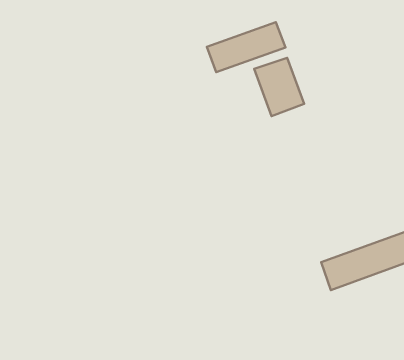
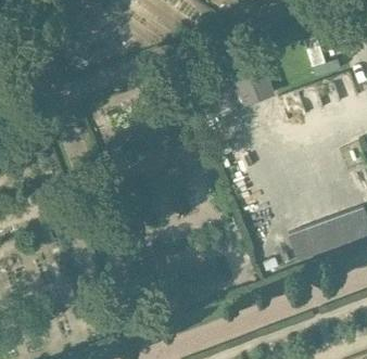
building: [207,22,285,72] -> none

